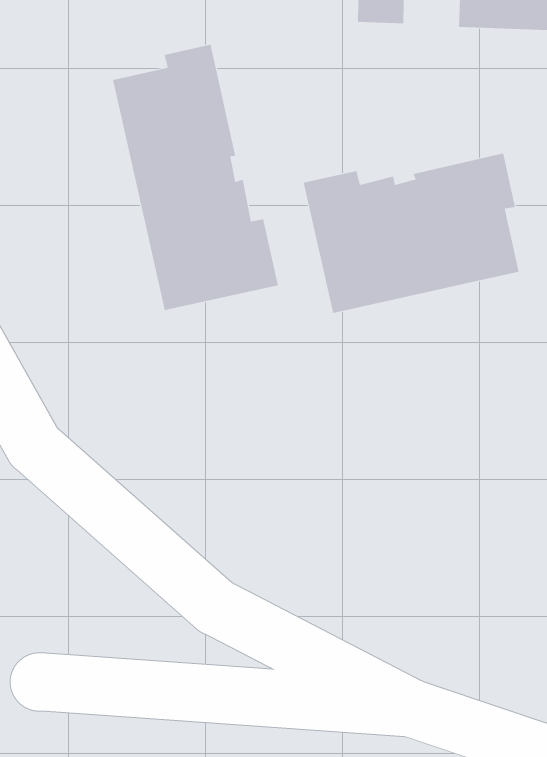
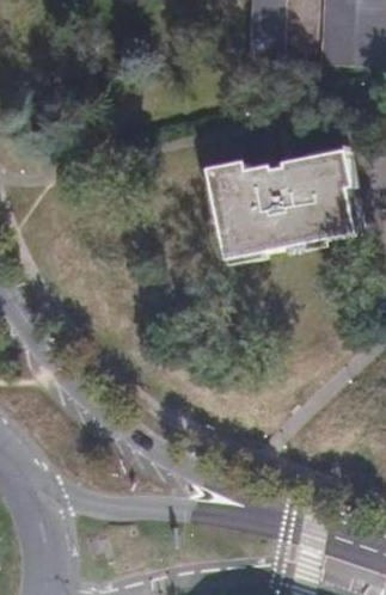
building: [112,44,279,311] -> none

